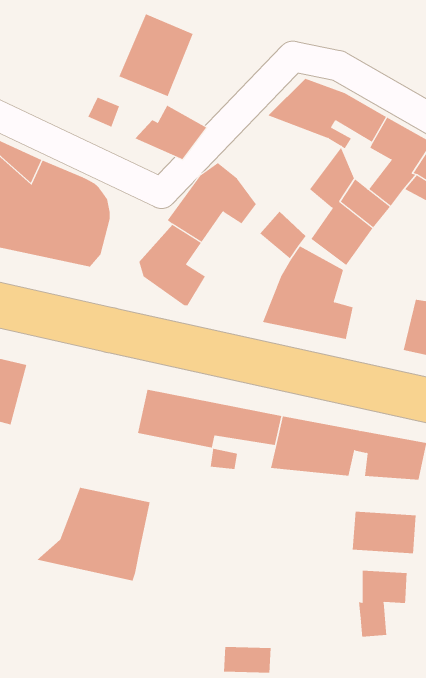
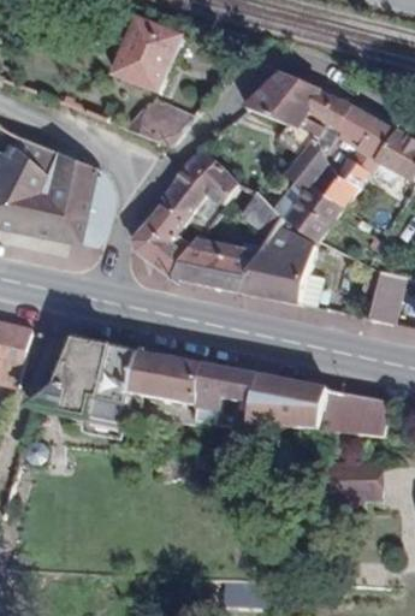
building: none -> [177,236,260,291]
building: [37,487,151,581] -> [37,338,140,422]
building: [359,570,407,638] -> none

